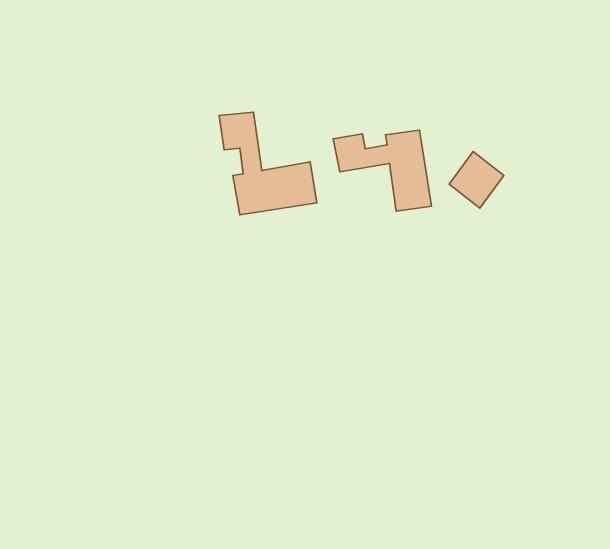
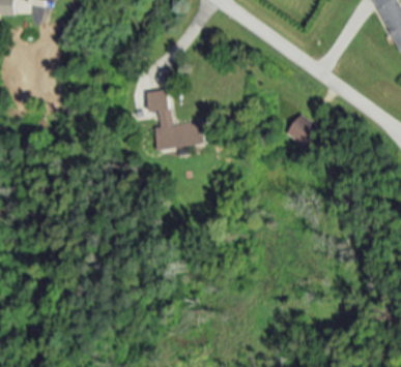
building: [333,130,431,211] -> none

